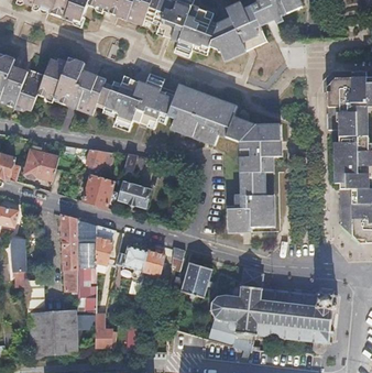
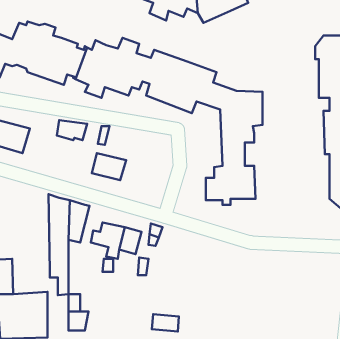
building: [84,174,119,209] -> none
building: [62,215,79,290] -> none
building: [180,260,212,296] -> none
building: [203,266,337,350] -> none

